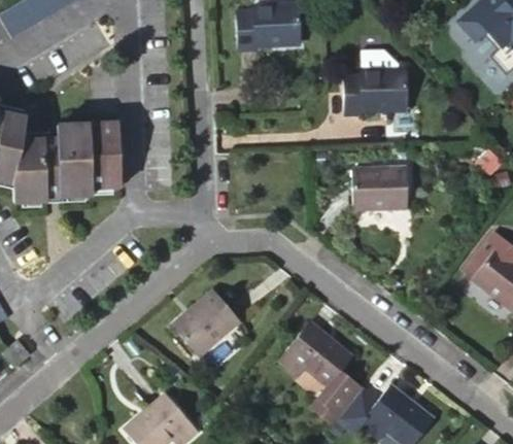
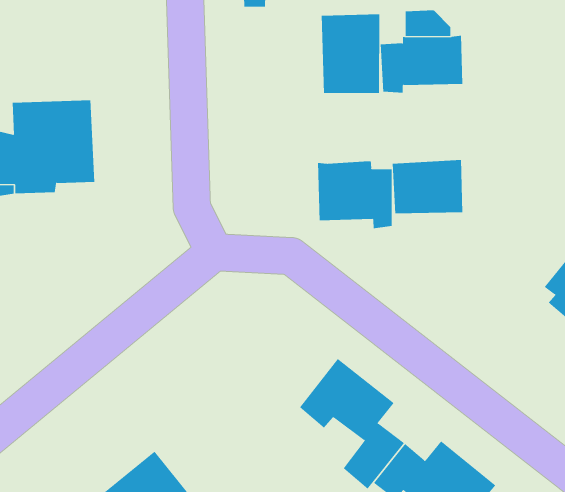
building: none -> [321,13,380,94]
building: none -> [318,160,392,229]
building: [172,292,240,356] -> none

